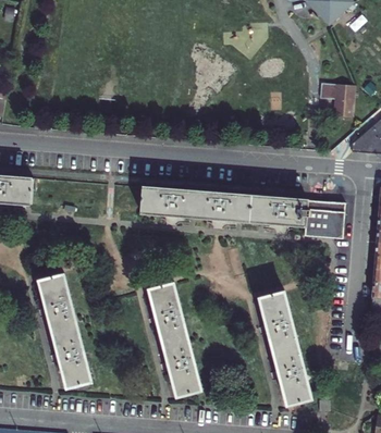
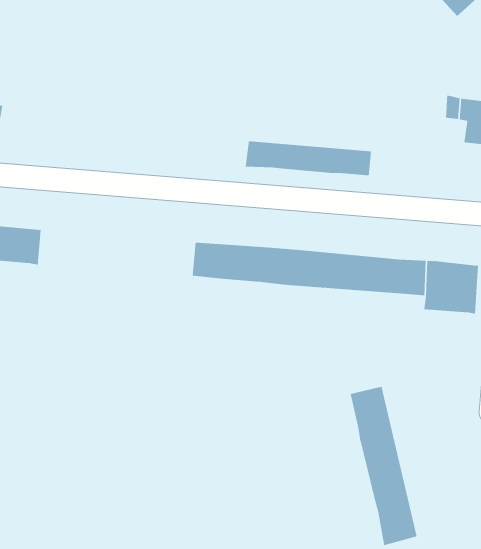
building: none -> [245,140,372,176]
building: [39,272,88,385] -> none
building: [147,282,195,394] -> none

